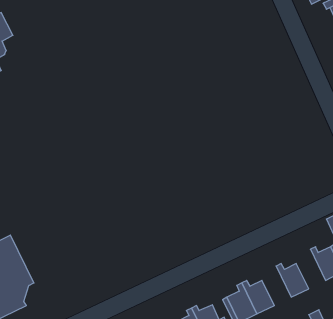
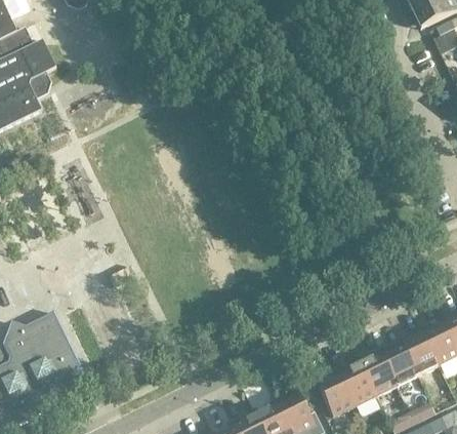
building: none -> [402,328,438,377]
building: none -> [360,349,396,397]

